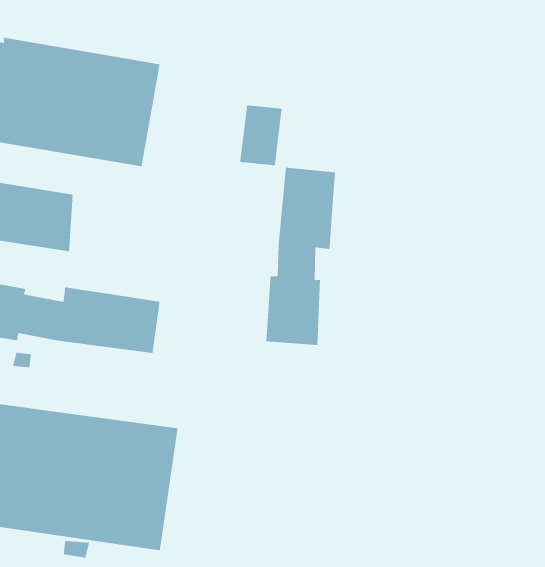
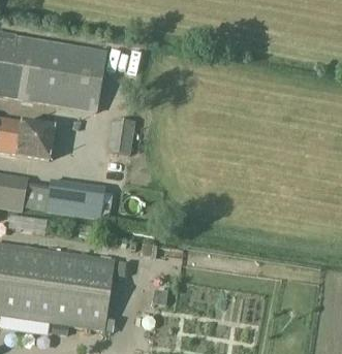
building: [239,105,283,166] -> [107,118,132,153]
building: [265,167,336,346] -> none

